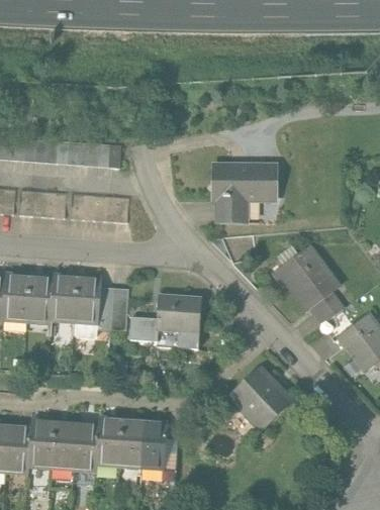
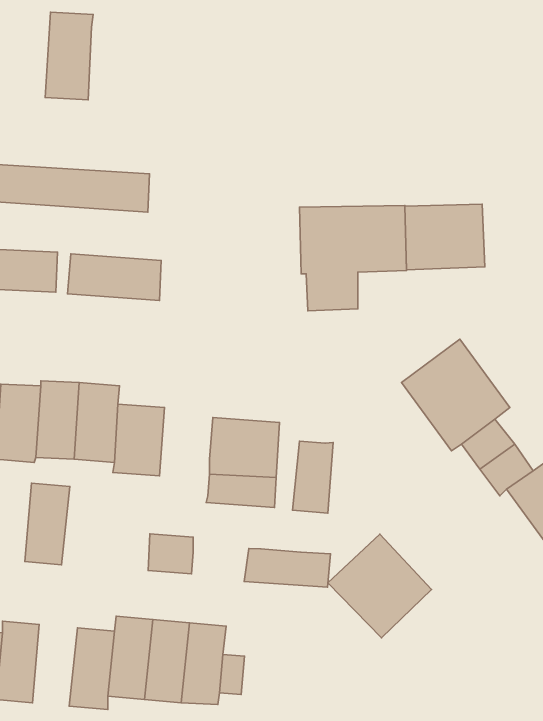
building: none -> [45,12,93,100]
building: none -> [405,204,485,270]
building: none -> [293,441,333,513]
building: [130,317,158,341] -> [148,534,193,574]
building: none -> [244,548,330,587]
building: [51,419,78,469] -> [25,483,70,565]

